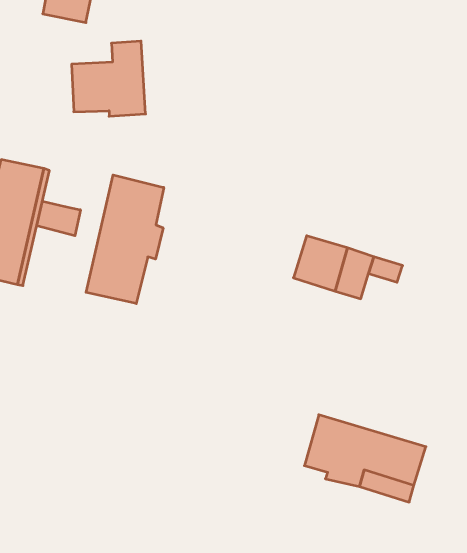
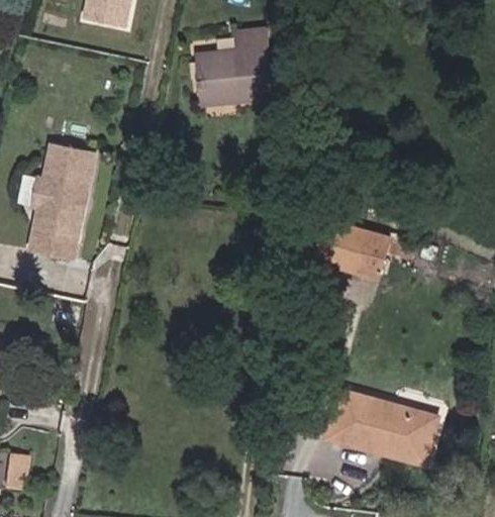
building: [72,41,146,116] -> [195,32,263,101]
building: [86,175,164,304] -> none
building: [37,201,80,236] -> none

